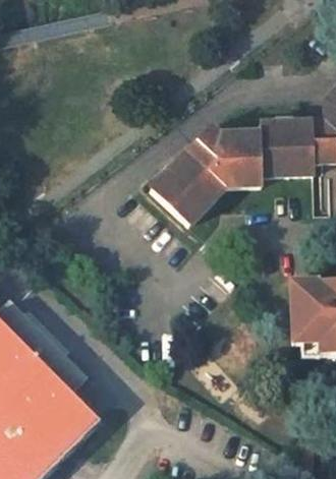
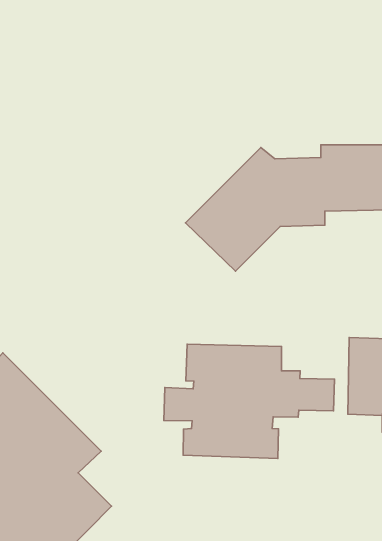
building: none -> [164,344,334,459]

